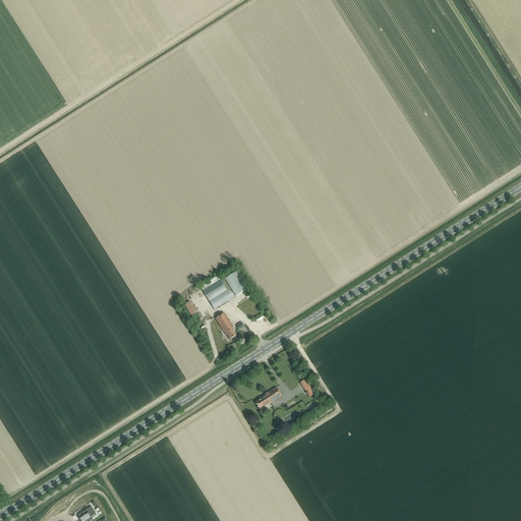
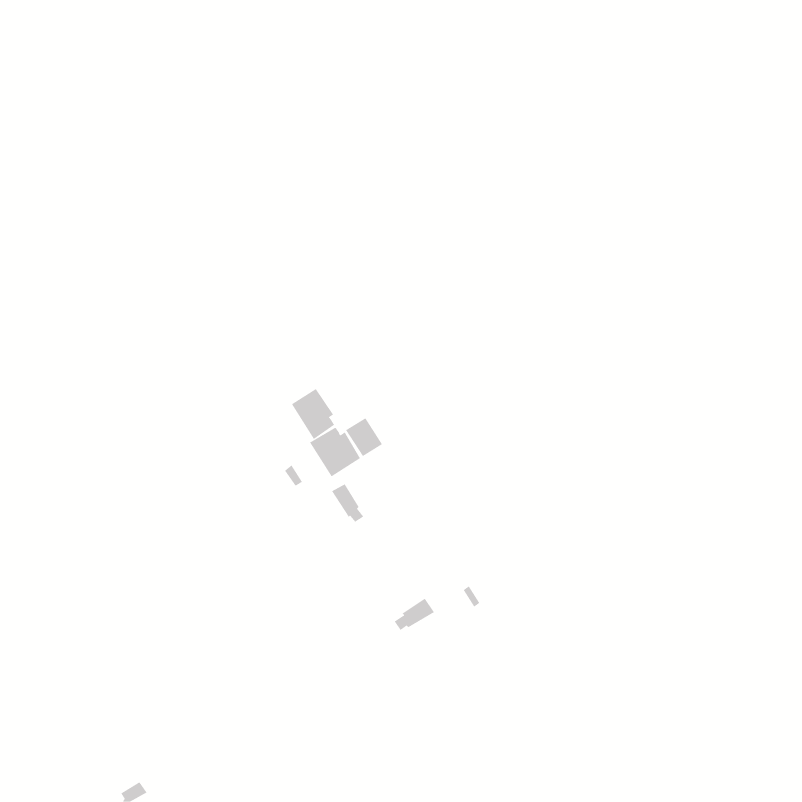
building: none -> [291,388,335,440]

